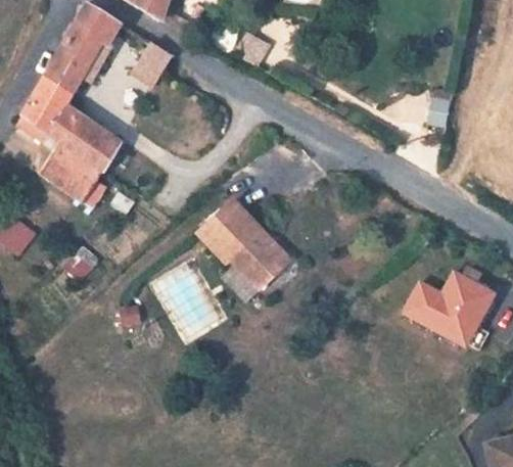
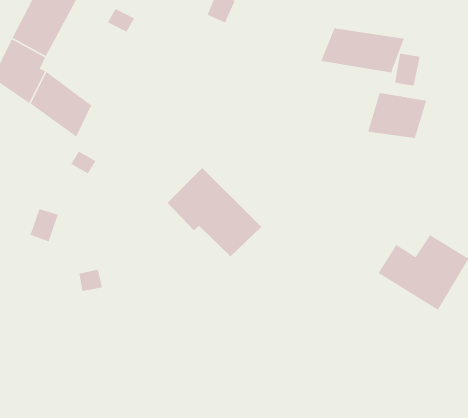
building: none -> [320,27,405,74]
building: none -> [367,92,427,139]
building: [45,143,105,201] -> none

